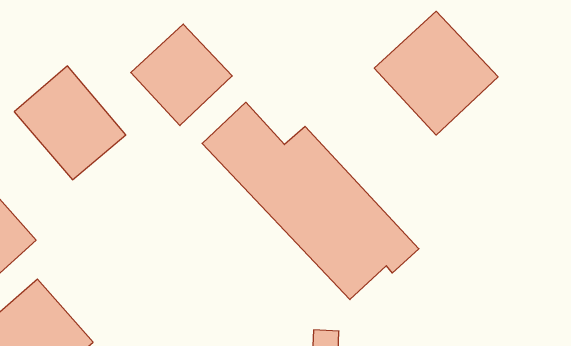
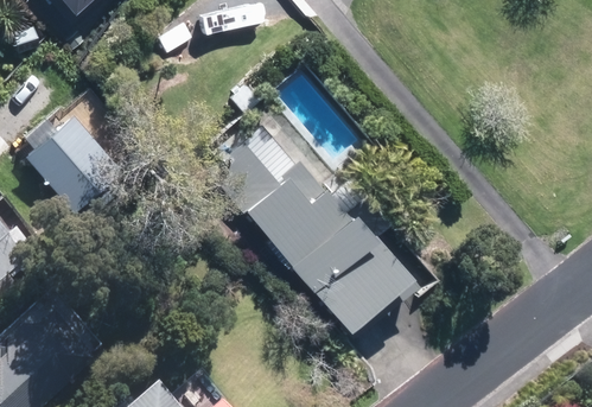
building: [374,11,498,135] -> none
building: [131,24,232,126] -> none

